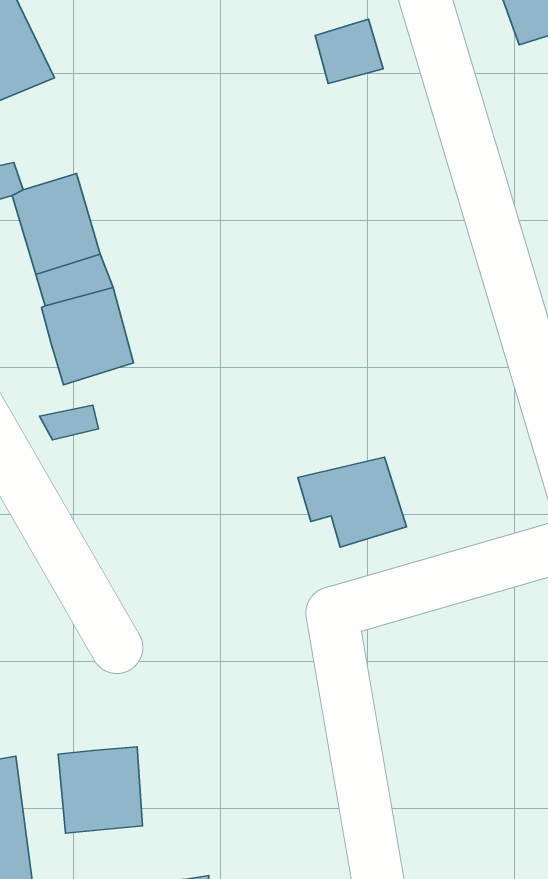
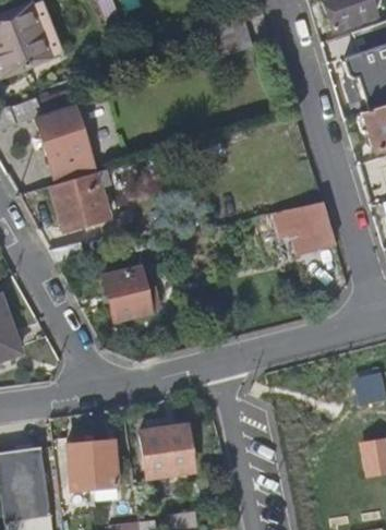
building: none -> [106,266,158,318]
building: [298,457,406,547] -> [274,201,338,254]
building: none -> [133,431,186,484]

